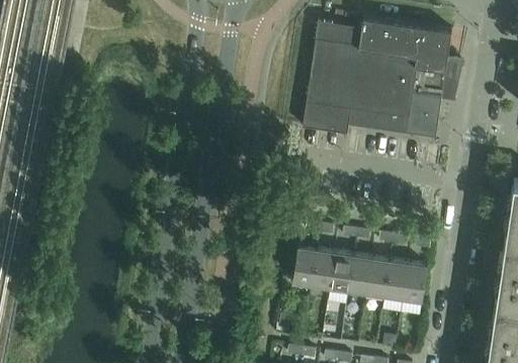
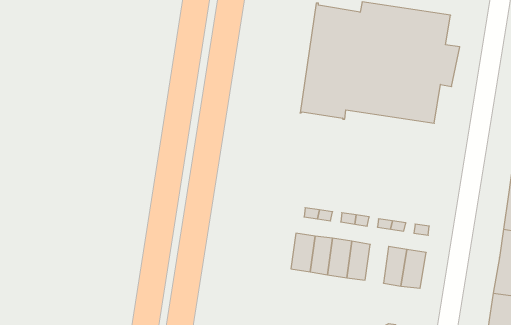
building: [367,258,391,296] -> none

